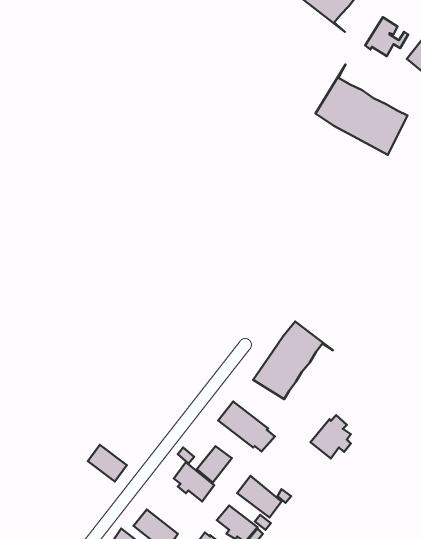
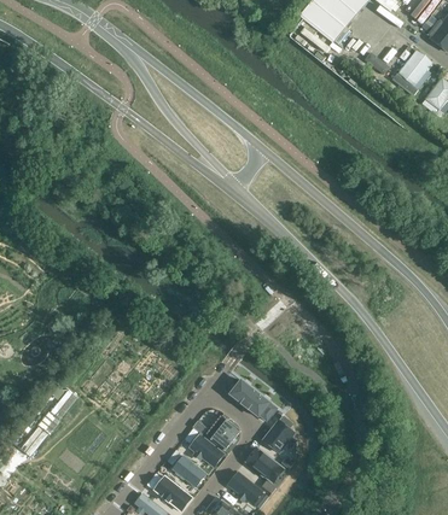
building: [315,65,408,155] -> none
building: [253,321,333,399] -> none
building: [310,415,351,458] -> [260,415,296,453]
building: [88,445,127,481] -> [170,455,205,487]

